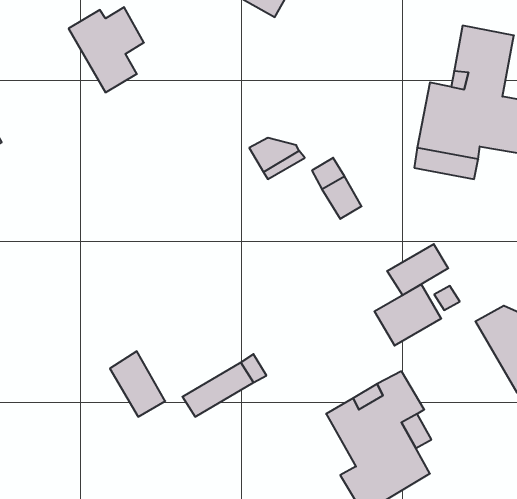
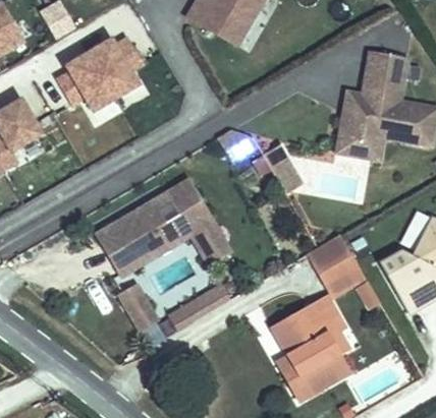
building: none -> [56,52,115,111]
building: none -> [96,179,230,276]
building: [387,244,448,295] -> [322,259,366,296]

